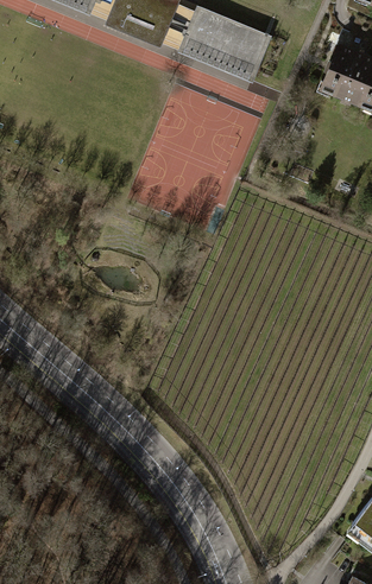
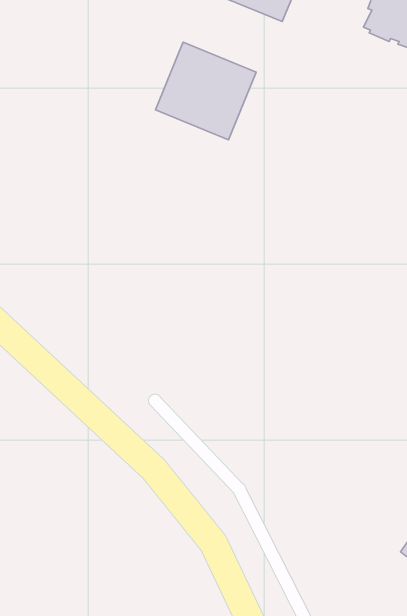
building: none -> [156,42,256,140]

